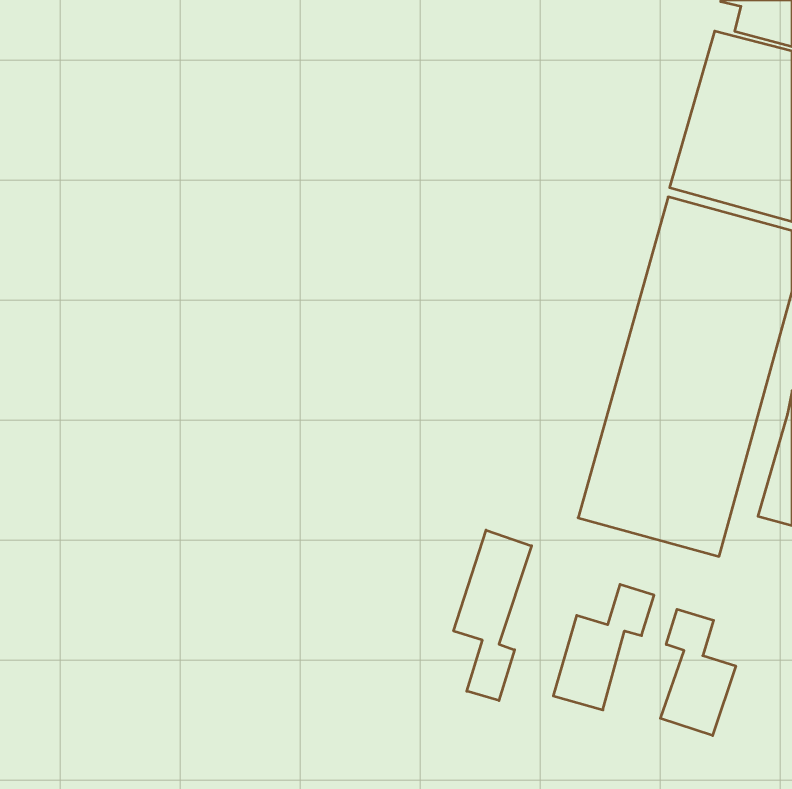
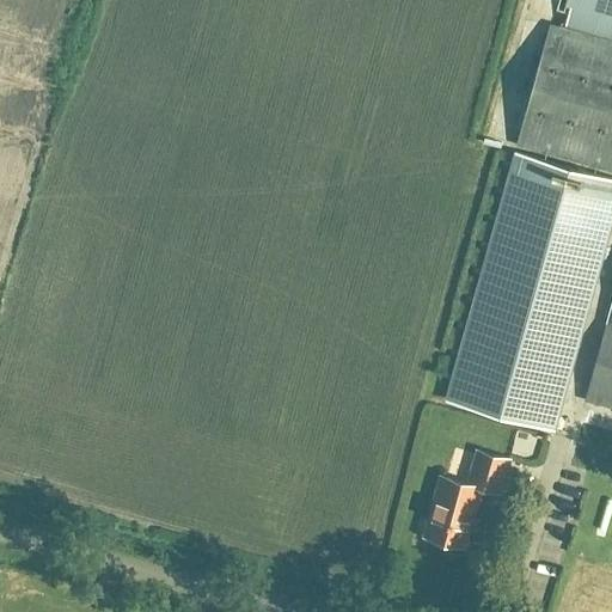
building: [454,530,532,701] -> none
building: [660,609,736,736] -> none

